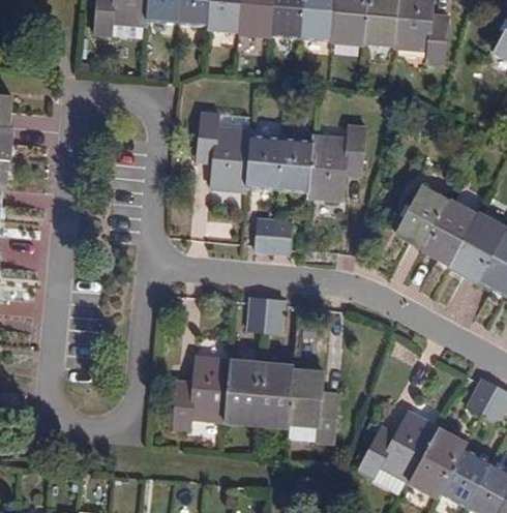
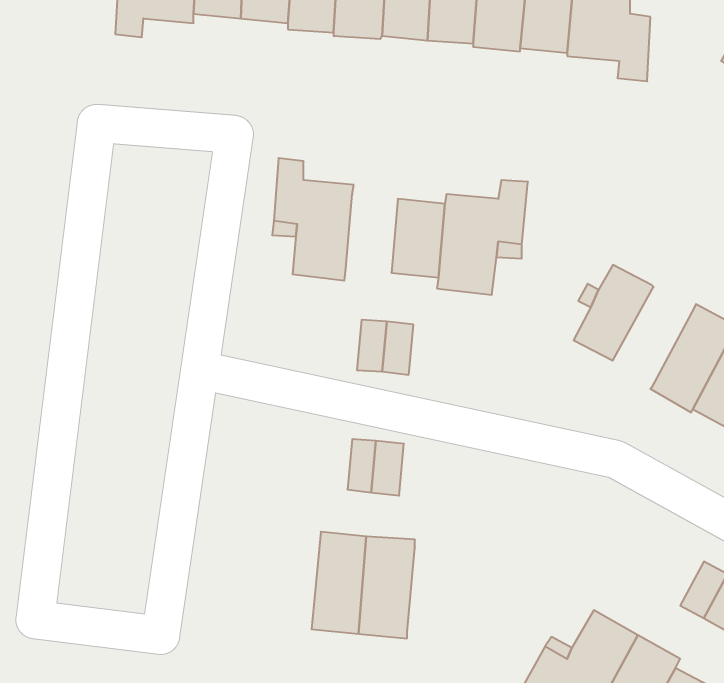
building: [245,137,279,188] -> none
building: [420,198,475,264] -> none
building: [172,356,229,431] -> none
building: [286,369,336,444] -> none

